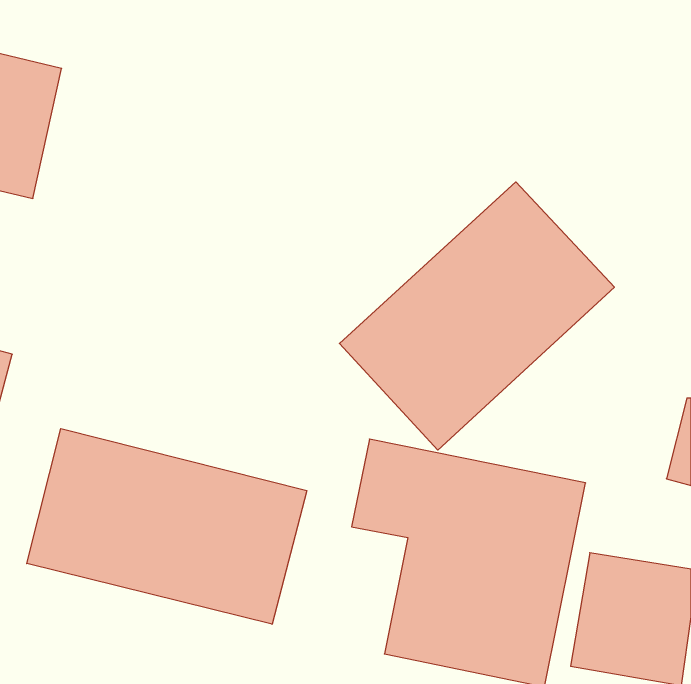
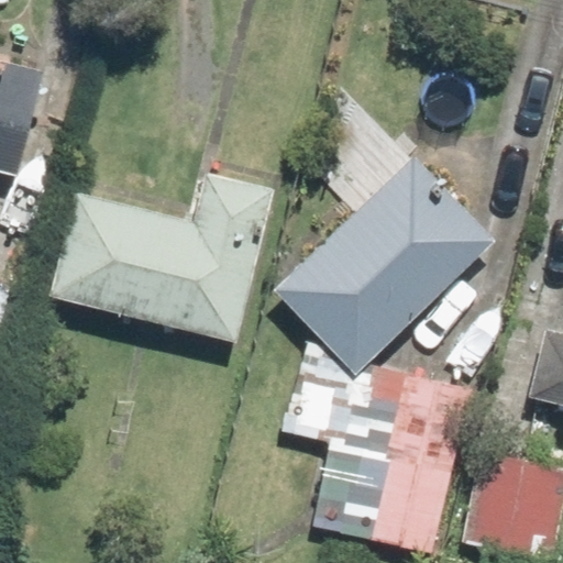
building: none -> [49,174,272,340]
building: [27,429,307,624] -> none

